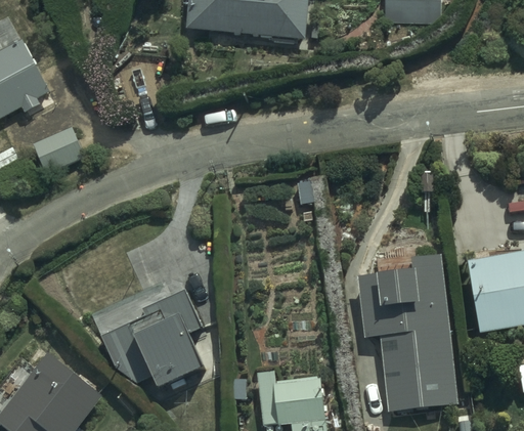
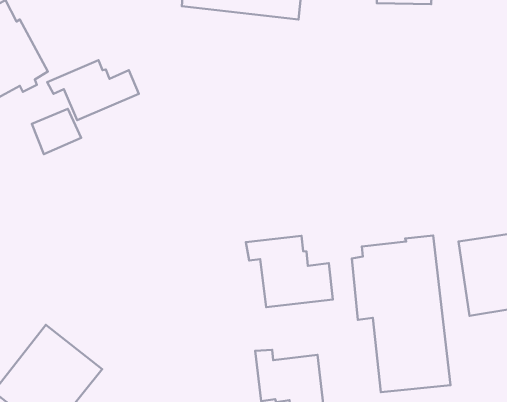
building: none -> [47,60,139,120]
building: none -> [246,236,333,307]
building: [101,287,205,387] -> none

